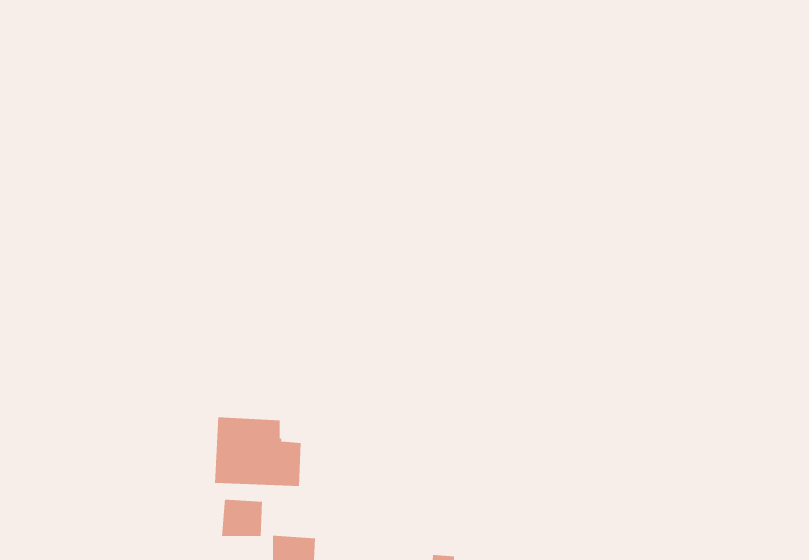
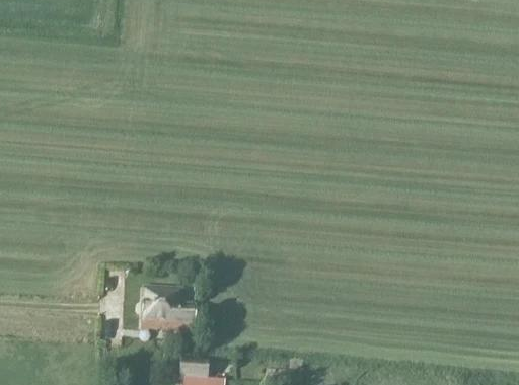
building: [221,499,263,537] -> none

